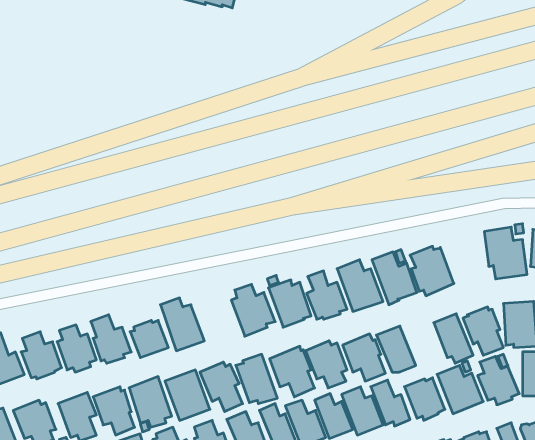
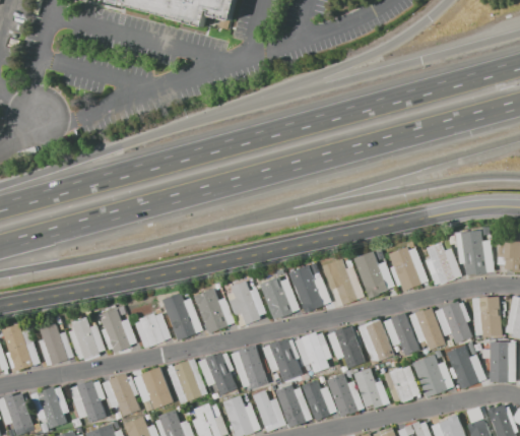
building: none -> [425,242,460,285]
building: none -> [194,289,234,332]
building: none -> [383,312,420,357]

